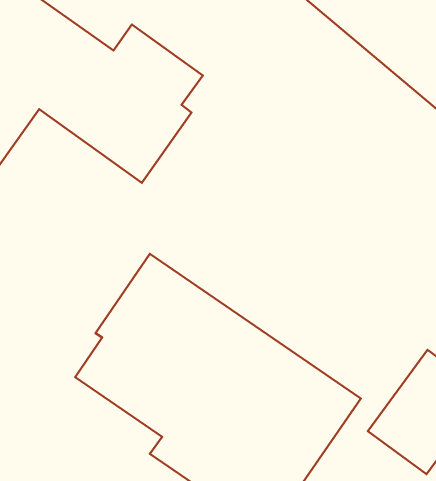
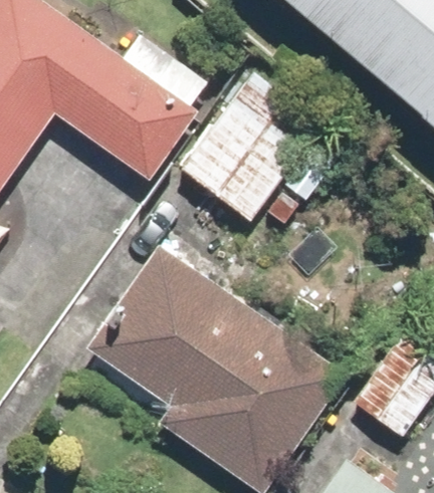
building: none -> [177,94,308,225]

